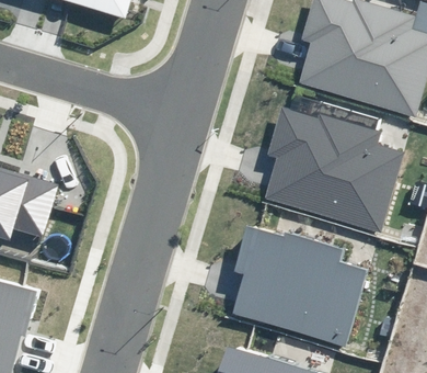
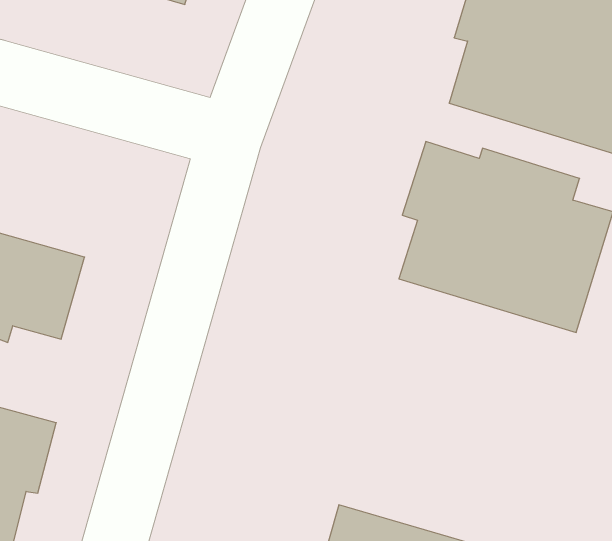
building: [231,226,368,348] -> none

